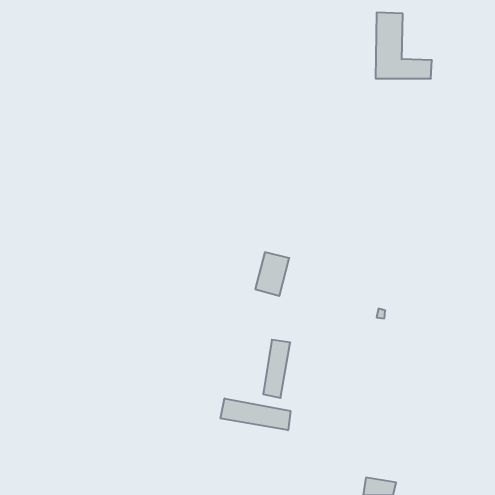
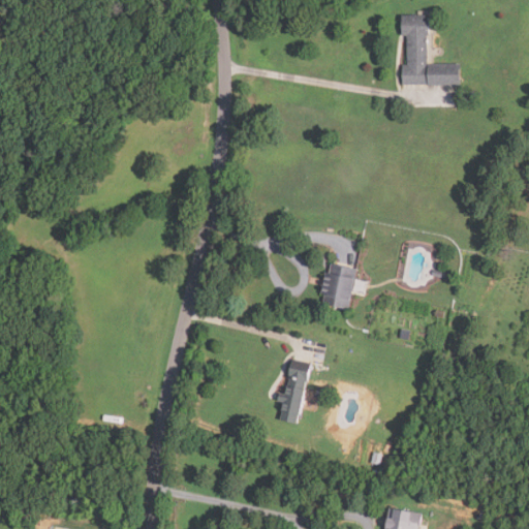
building: [255,252,289,296] -> [320,262,356,309]
building: [221,398,290,430] -> none

